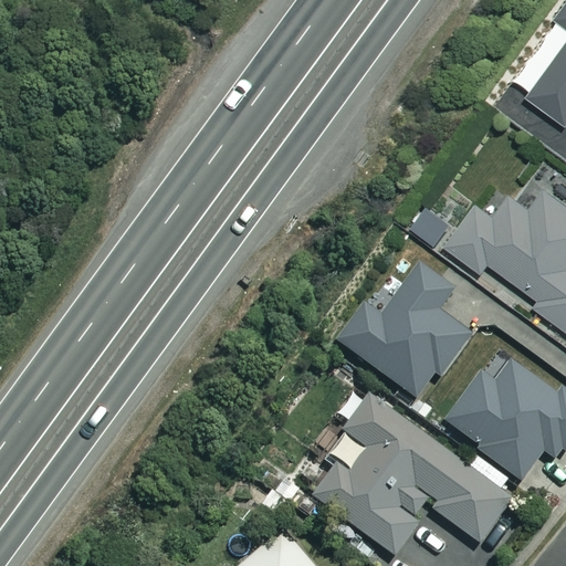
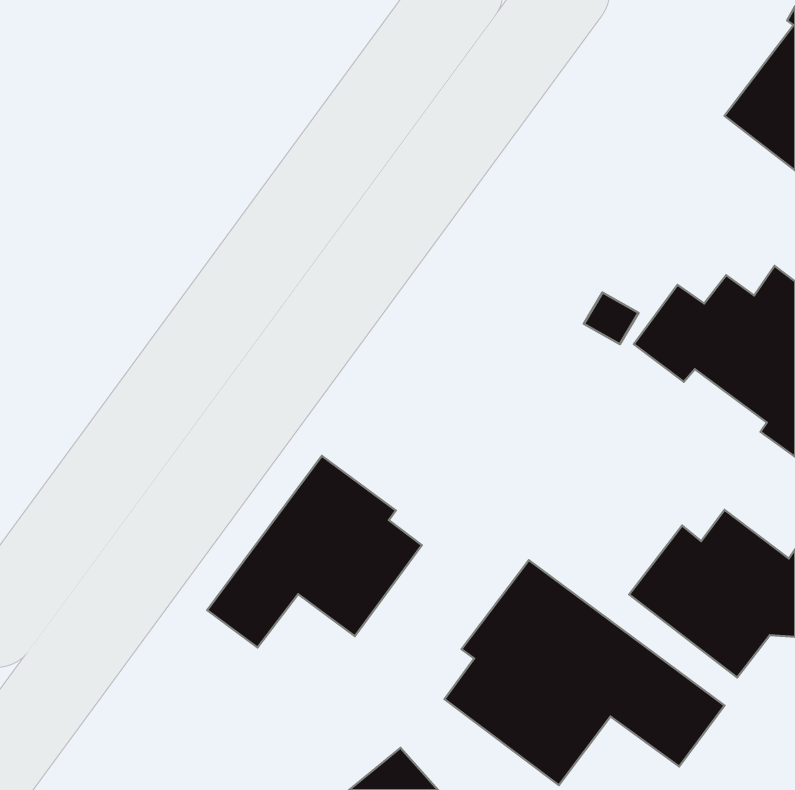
building: [336,261,470,396] -> none
building: none -> [207,456,422,648]

